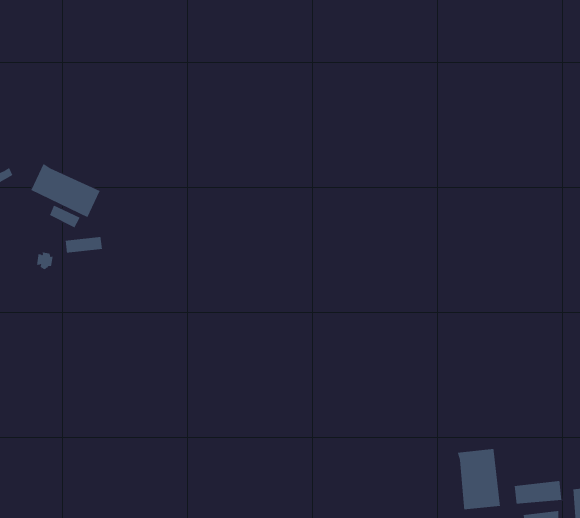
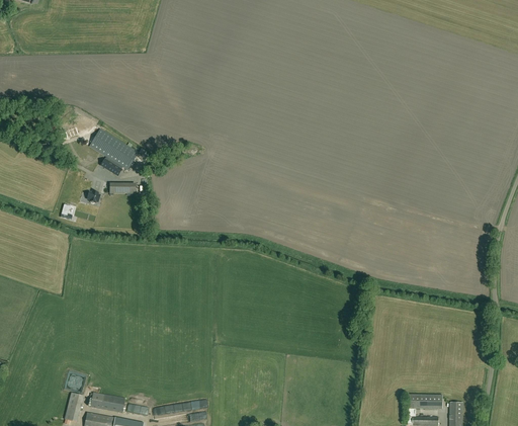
building: [457,448,501,510] -> none

